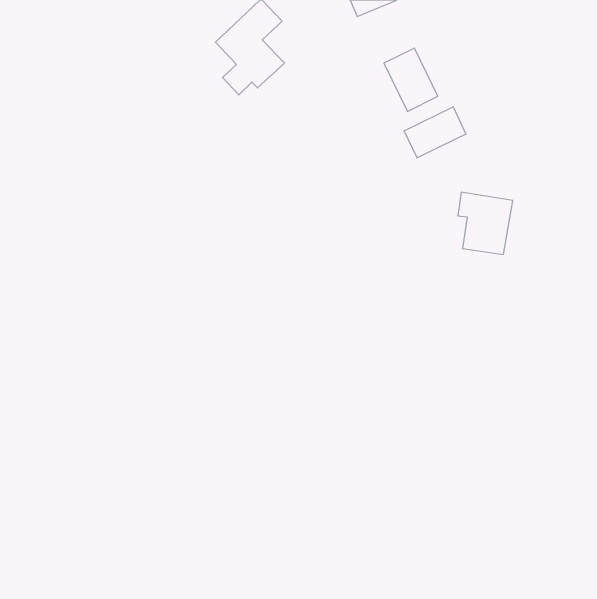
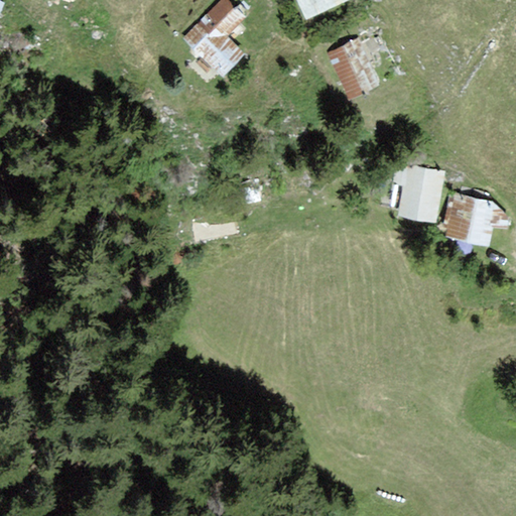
building: [404,107,466,158] -> none
building: none -> [442,194,502,242]

